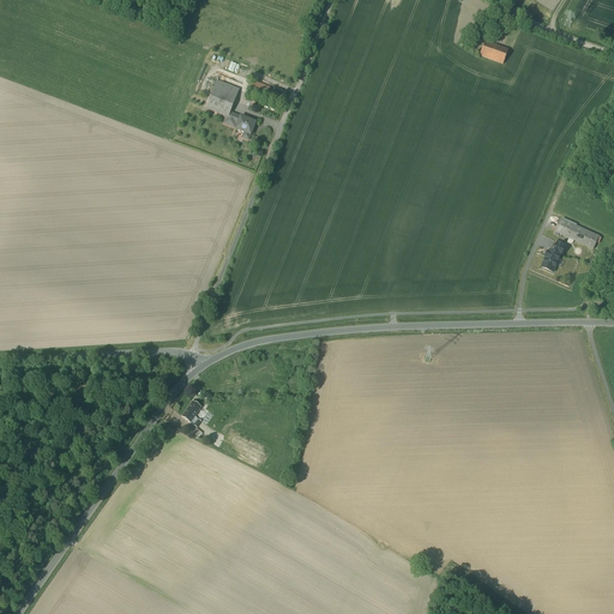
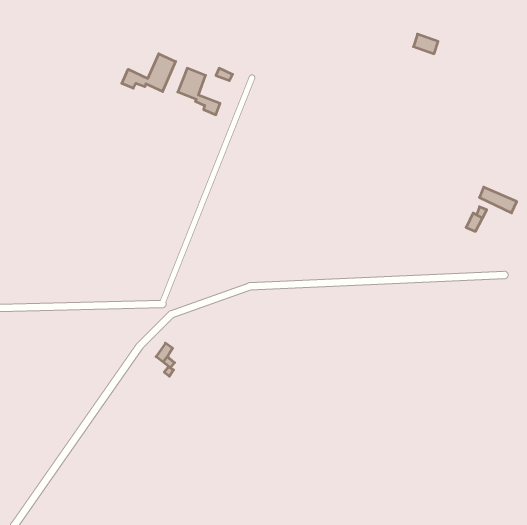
building: none -> [122,54,176,92]

